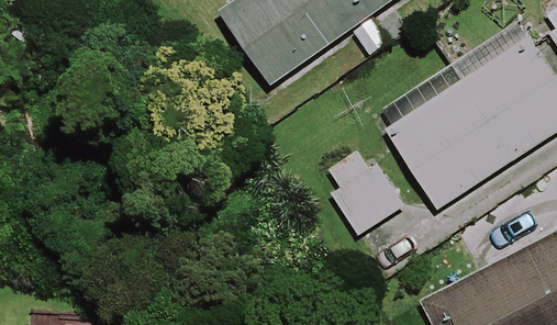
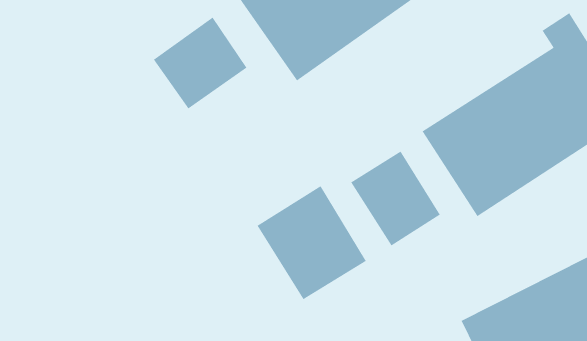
building: none -> [153,17,247,109]
building: none -> [256,185,367,300]

